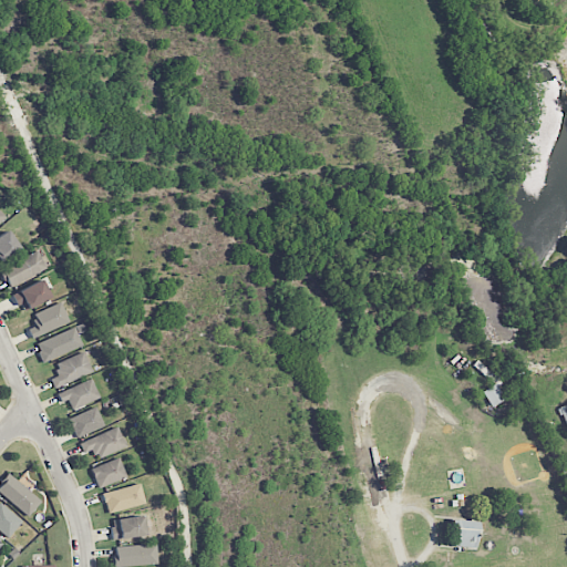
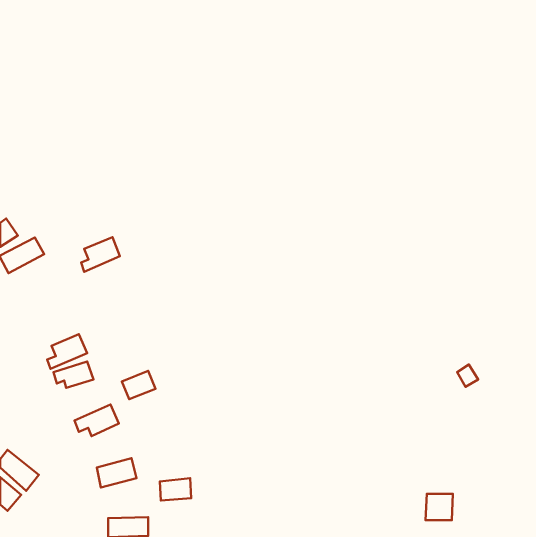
building: [13,280,51,312] -> none
building: [29,302,70,339] -> [81,237,120,272]
building: [35,327,83,363] -> none
building: [69,408,104,437] -> [122,371,155,399]
building: [91,458,127,488] -> none
building: [112,516,145,539] -> [160,478,191,500]

